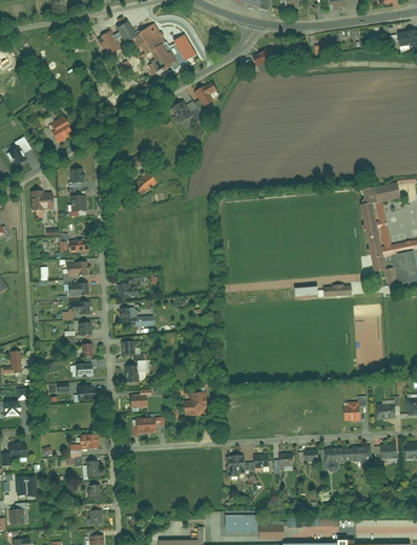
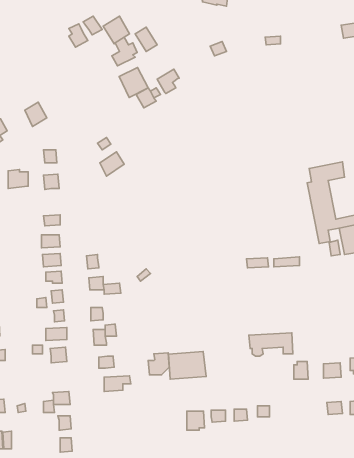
building: none -> [119,68,148,97]
building: none -> [168,352,206,379]
building: [324,445,372,470] -> [249,333,293,356]

